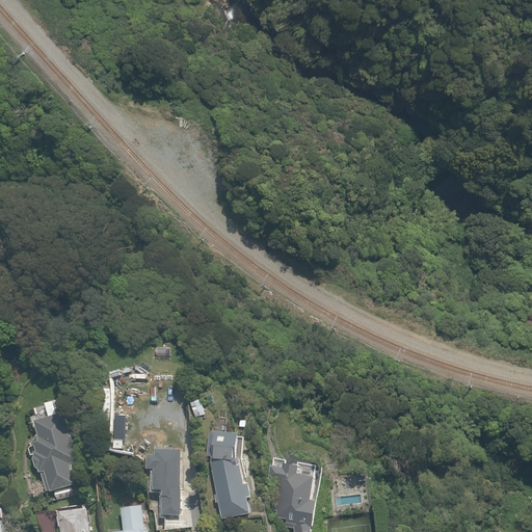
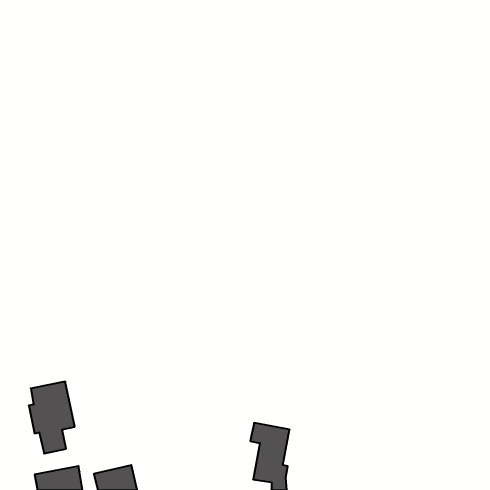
building: [207,431,252,518] -> none
building: [147,451,178,515] -> none

